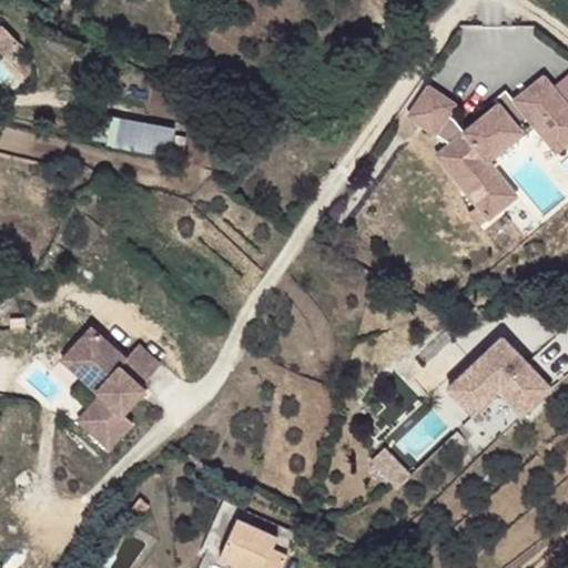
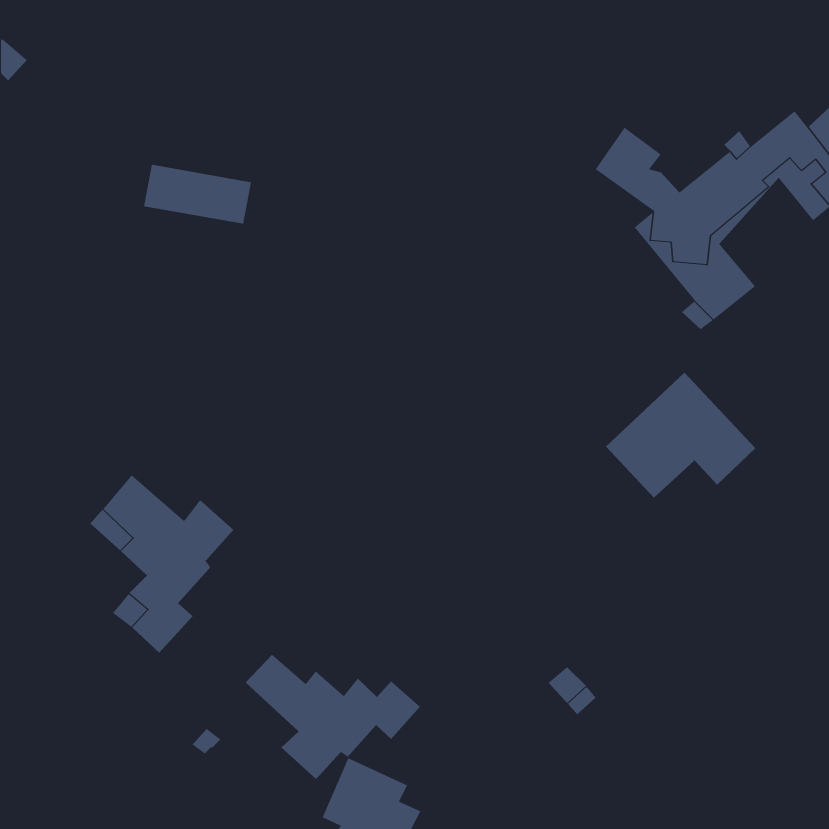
building: [445,336,548,423] -> [605,372,756,498]
building: none -> [245,654,421,780]

